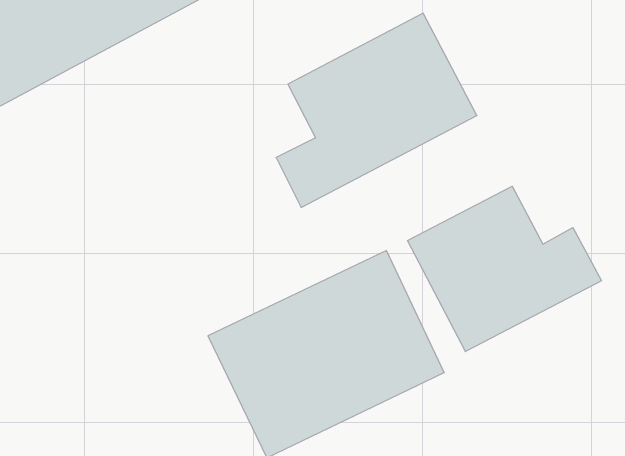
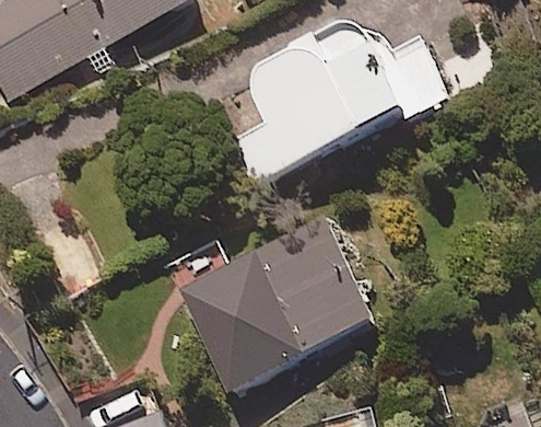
building: [408,186,601,352] -> none

